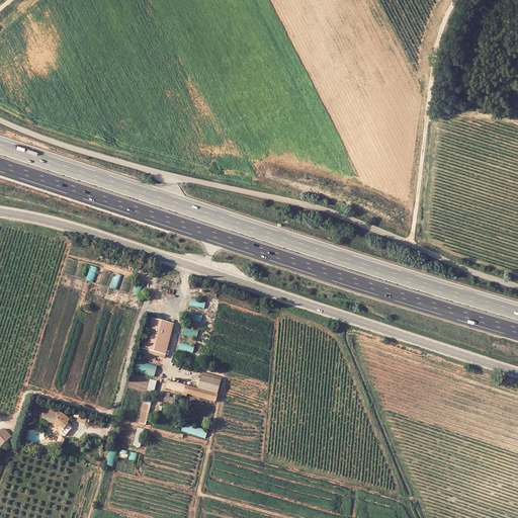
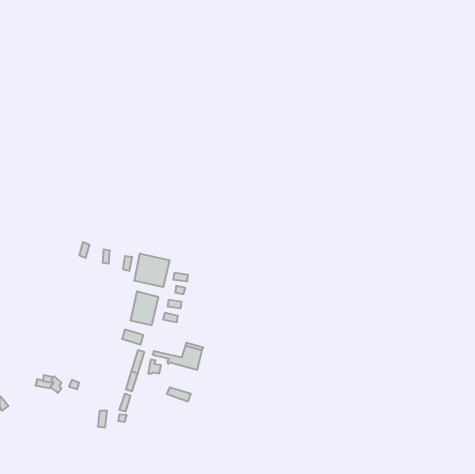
building: none -> [134,253,169,287]

